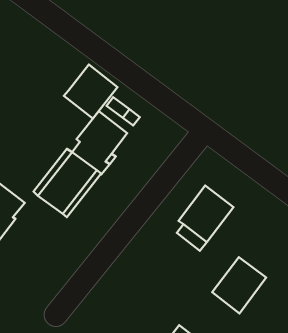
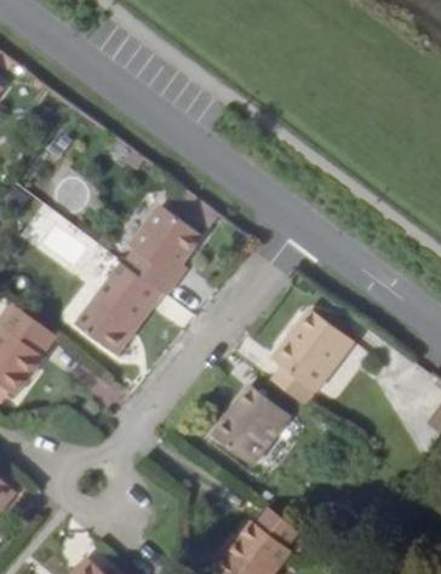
building: [64,64,118,119] -> none
building: [212,257,266,314] -> [216,386,292,466]

